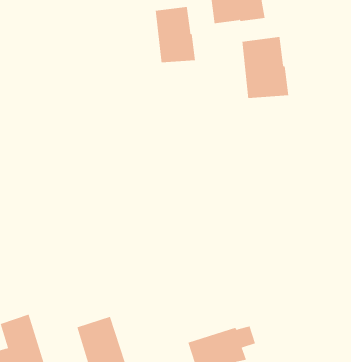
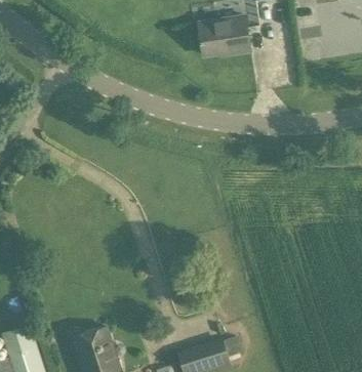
building: [155,6,196,63] -> none
building: [242,36,289,99] -> none

